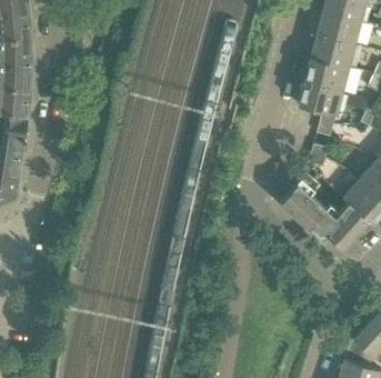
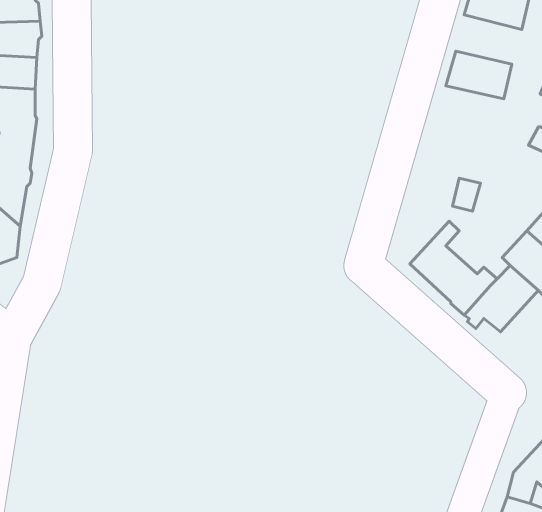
building: [310,36,354,69] -> none
building: [297,83,342,139] -> none

